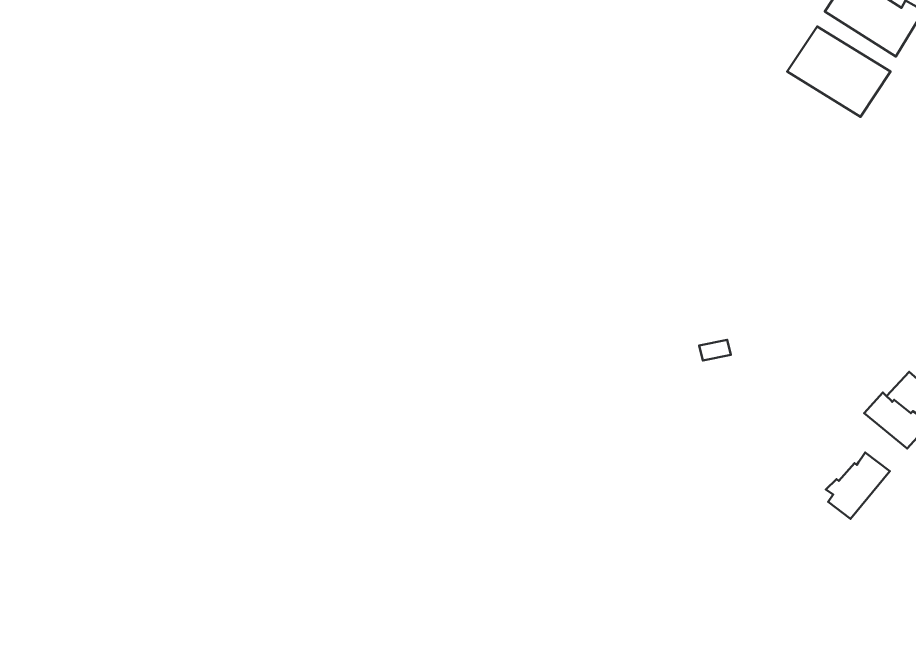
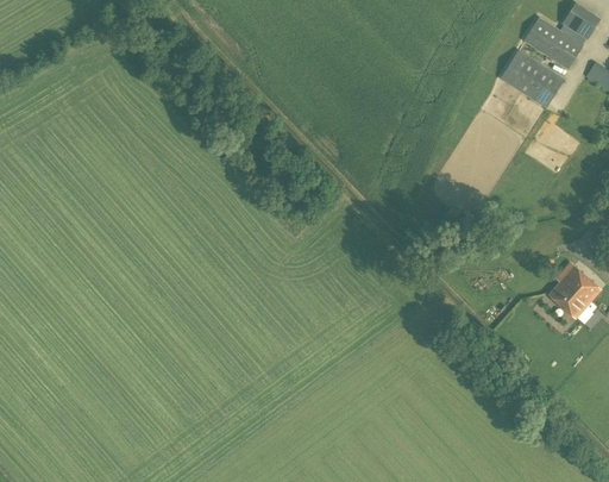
building: [826,453,890,519] -> none

